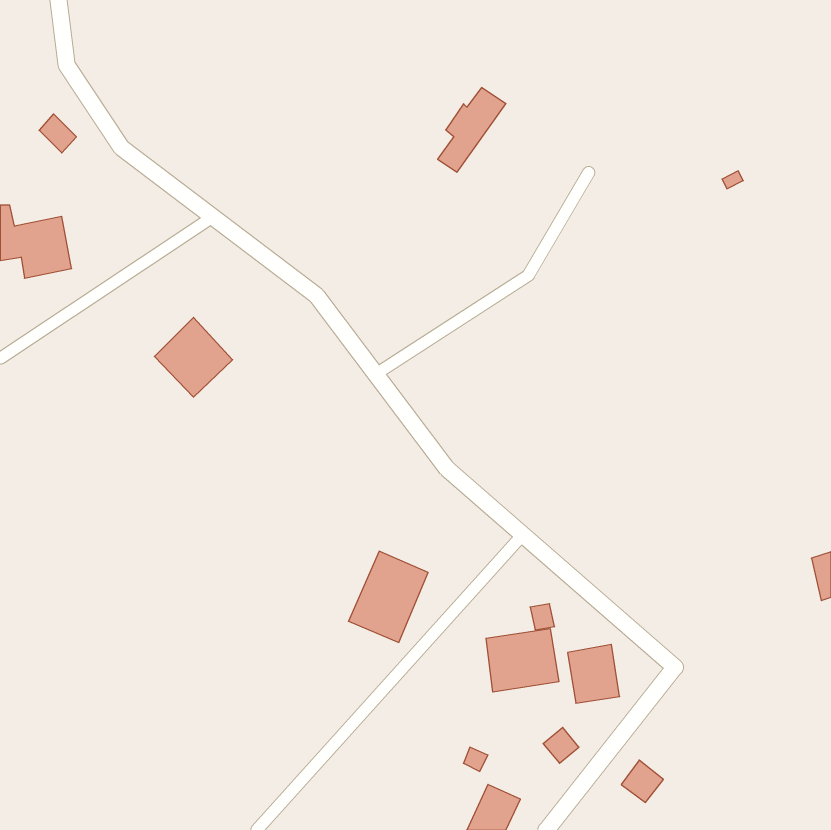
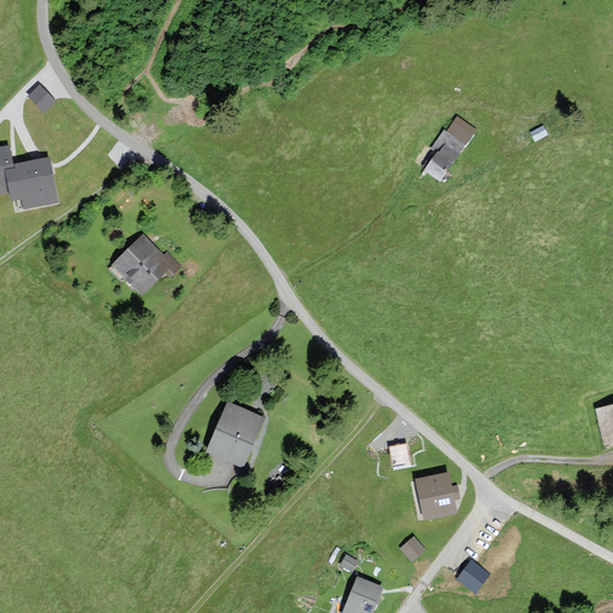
building: [438,88,506,172] -> [425,117,475,180]
building: [348,551,428,642] -> [206,401,265,468]
building: [486,629,559,692] -> none

